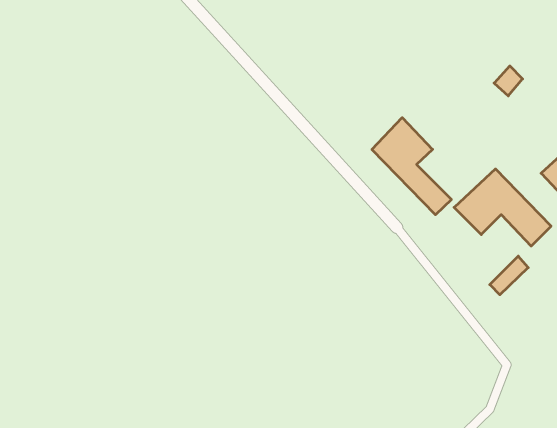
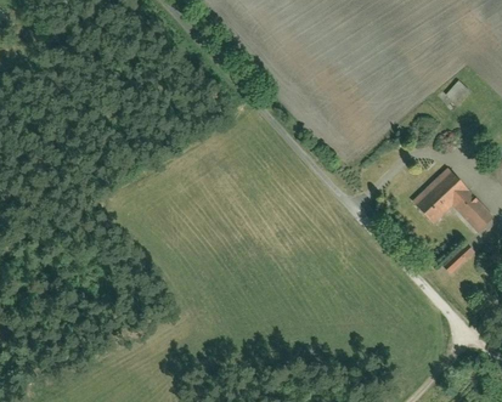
building: [372,118,451,215] -> none

